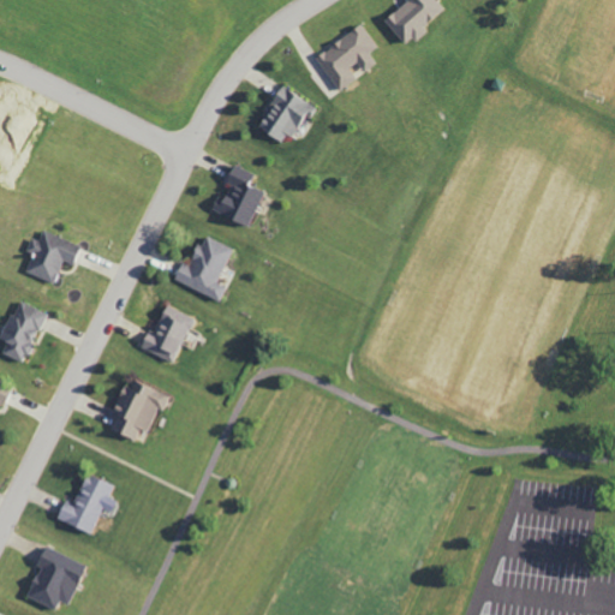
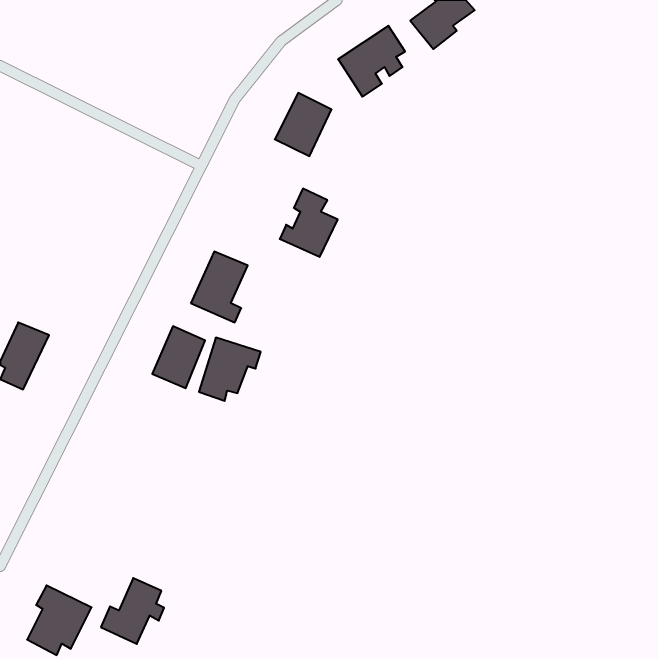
building: [210,163,264,227] -> [280,189,338,257]
building: [25,231,83,283] -> none
building: [111,381,168,440] -> [199,338,261,401]
building: [56,473,115,535] -> [101,578,164,644]

